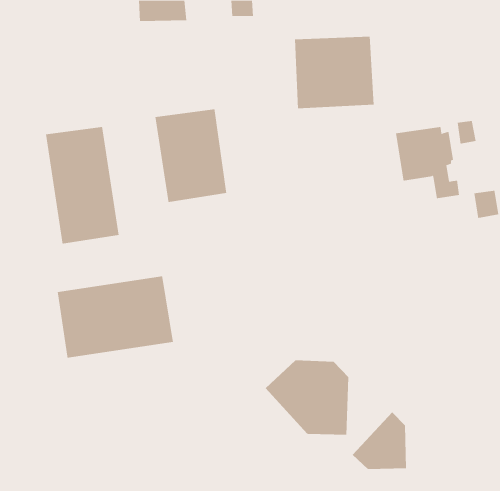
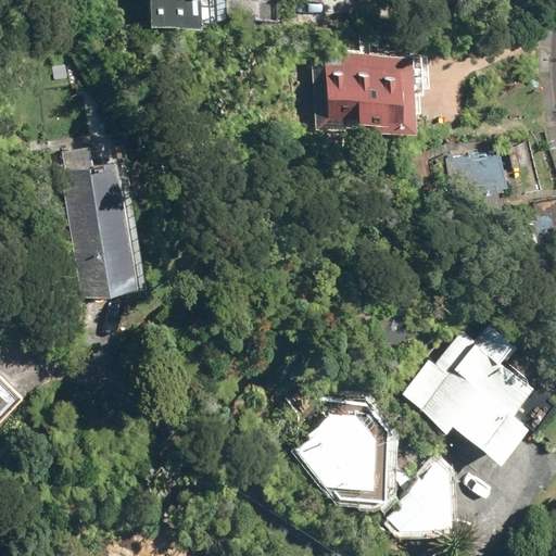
building: [155,108,227,203] -> none
building: [57,276,174,359] -> none
building: none -> [403,326,533,462]

